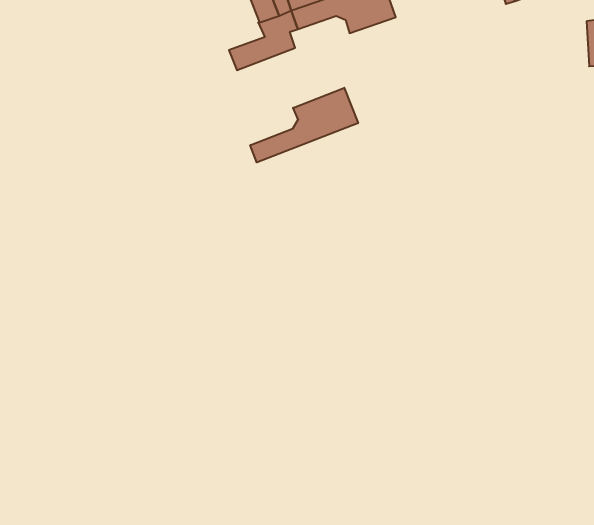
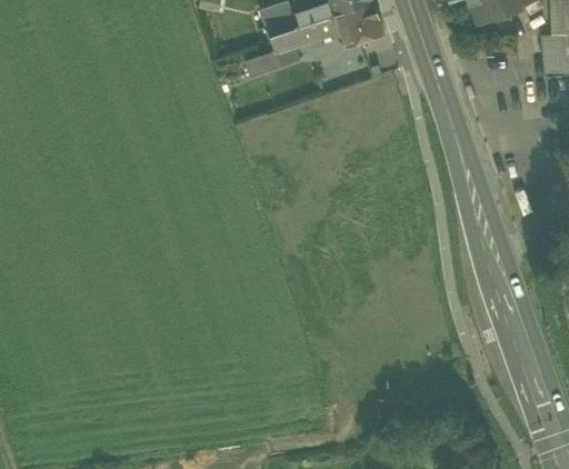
building: [250,88,358,162] -> none

